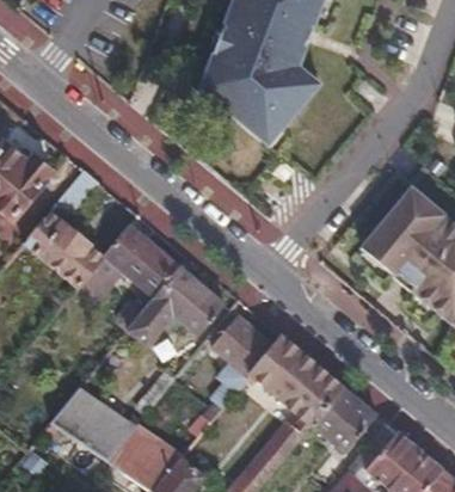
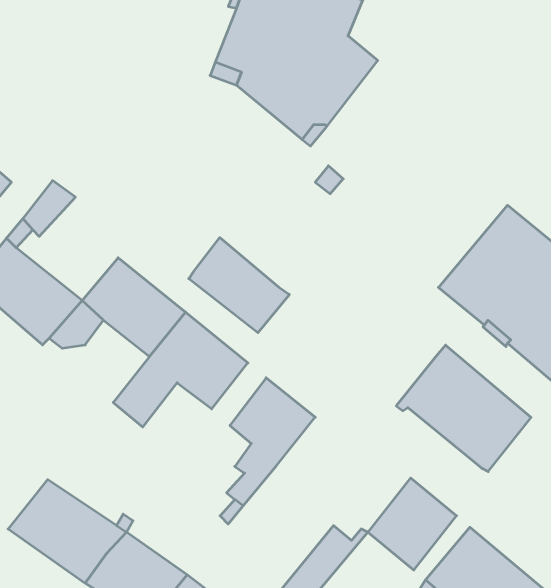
building: none -> [189,238,289,333]
building: [245,333,343,425] -> [396,345,531,472]

